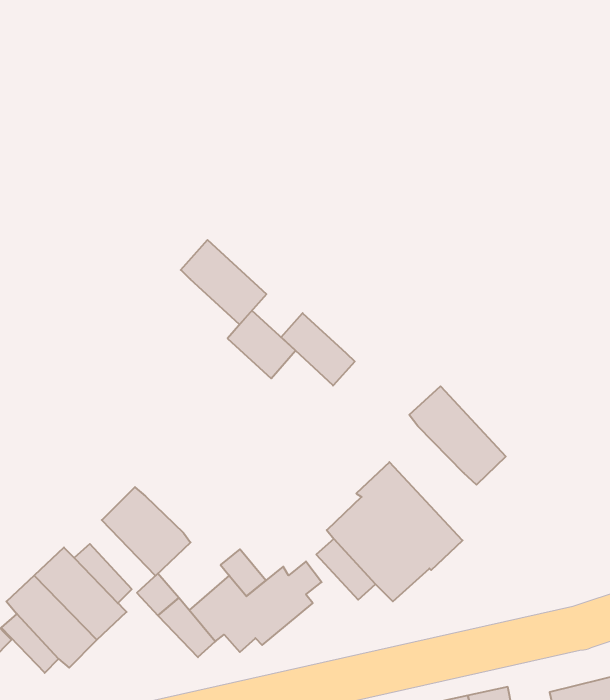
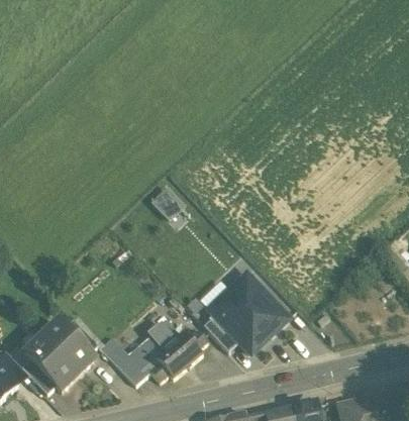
building: [181,240,266,324] -> none
building: [281,313,355,386] -> none
building: [409,386,506,485] -> none
building: [102,487,191,576] -> none

